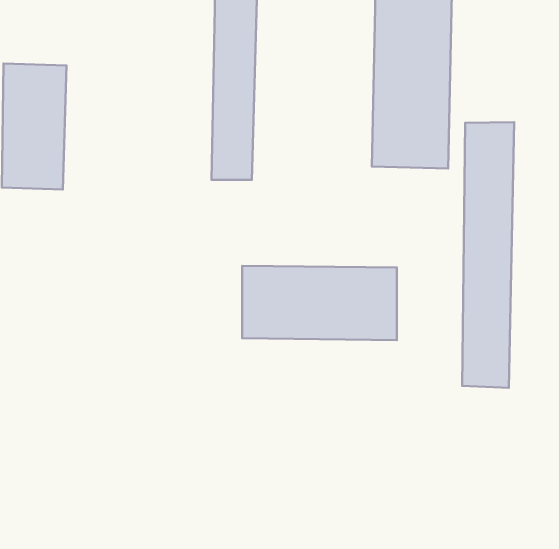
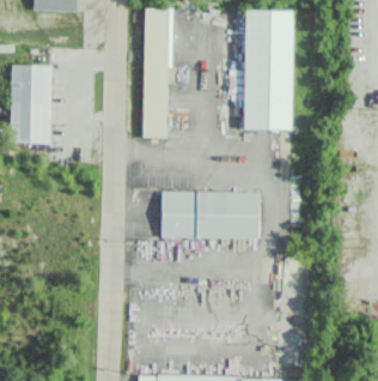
building: [462,122,514,388] -> none

